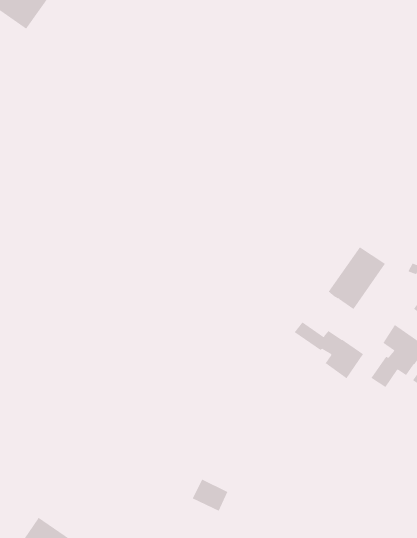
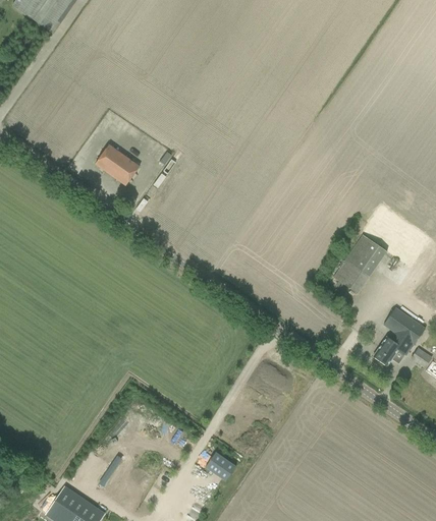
building: none -> [95,143,140,185]
building: [294,322,364,379] -> none

